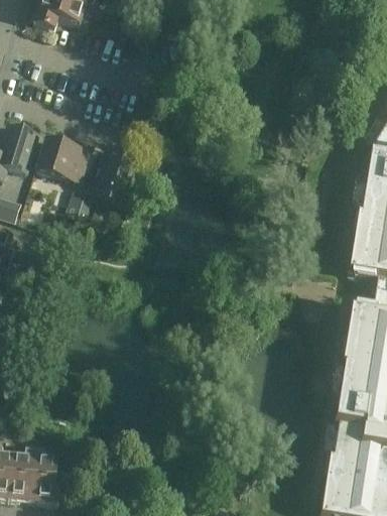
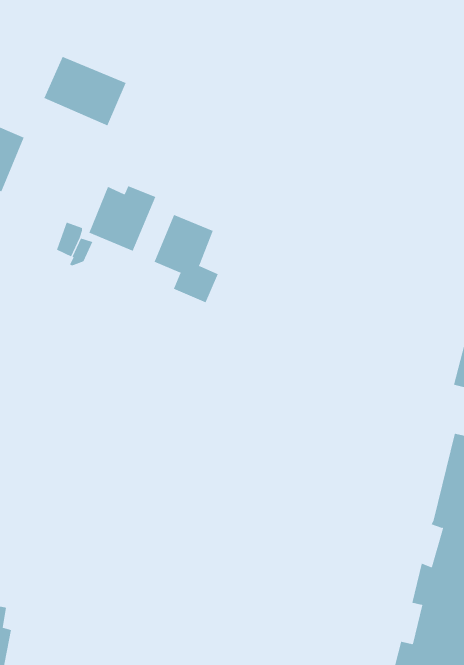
building: [33,138,90,183] -> [43,56,127,126]
building: none -> [154,214,219,303]

